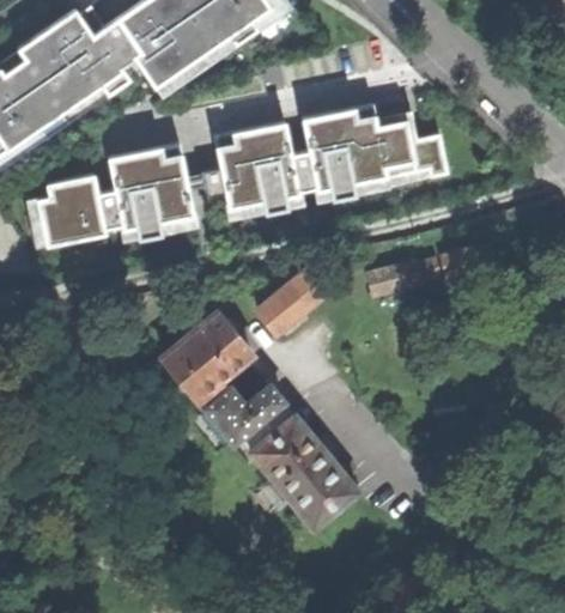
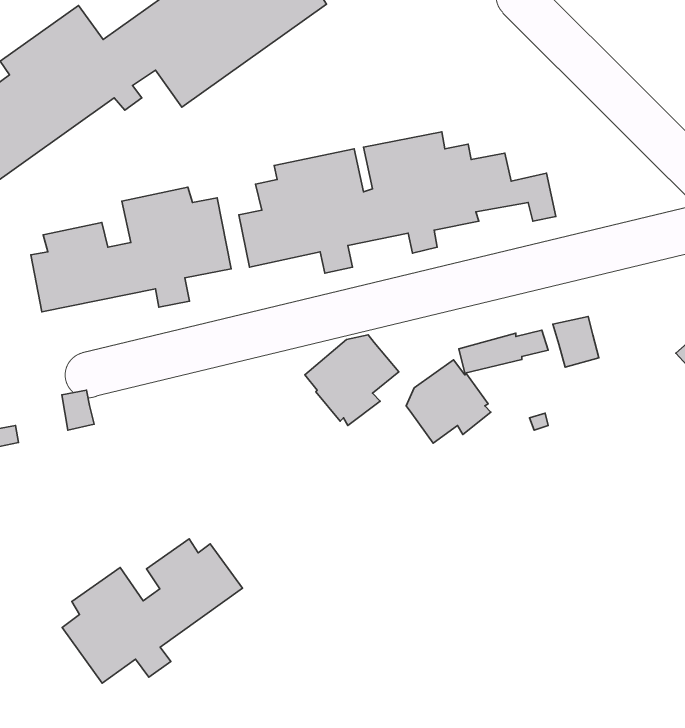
building: none -> [406,360,491,443]
building: [165,315,359,528] -> none
building: none -> [62,539,243,683]

